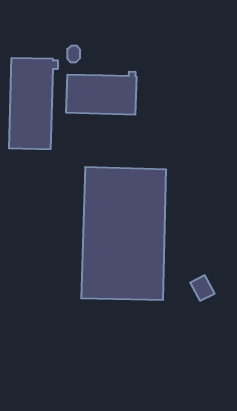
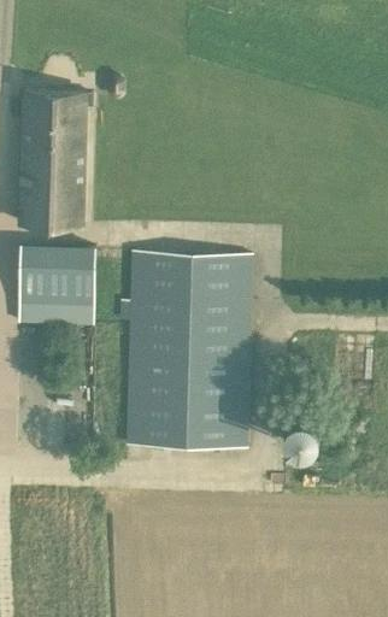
building: [66,71,136,115] -> none
building: none -> [19,246,96,325]

